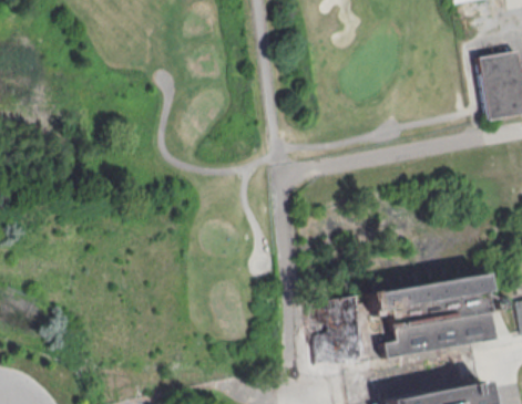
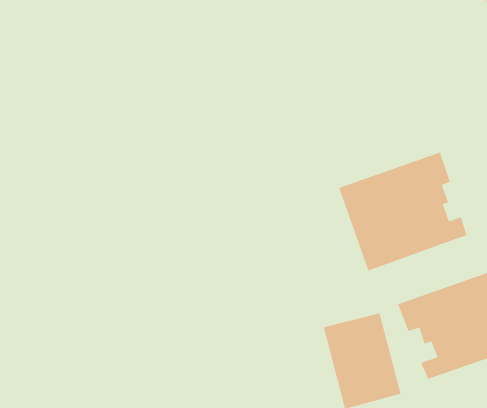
building: none -> [338,151,468,272]

